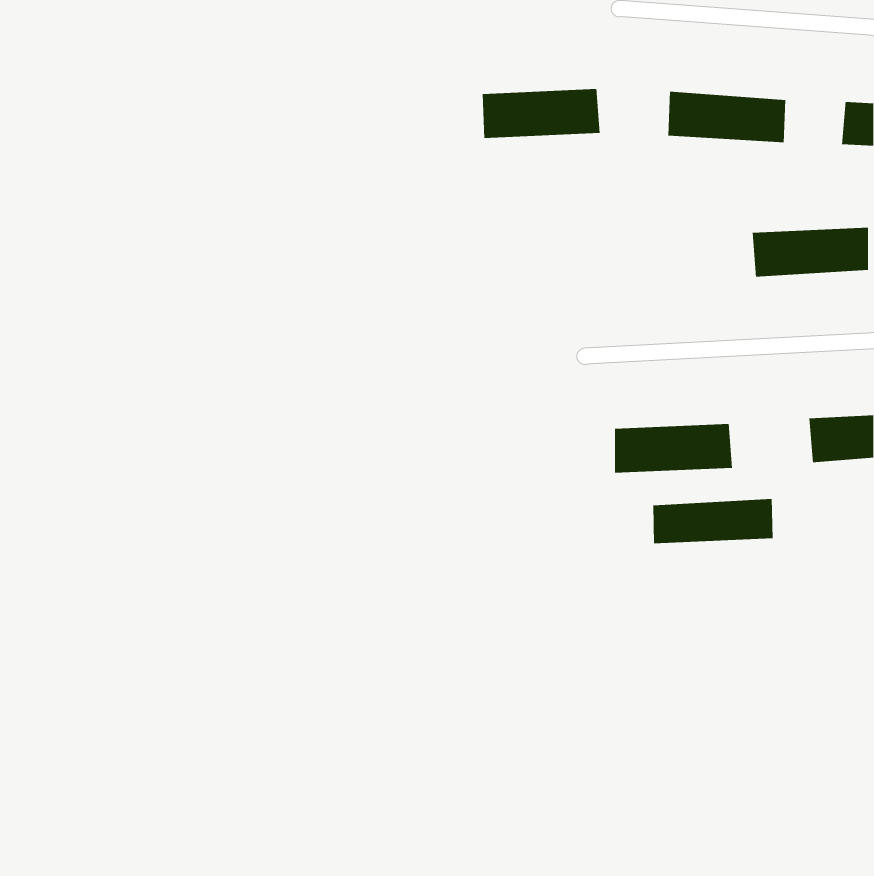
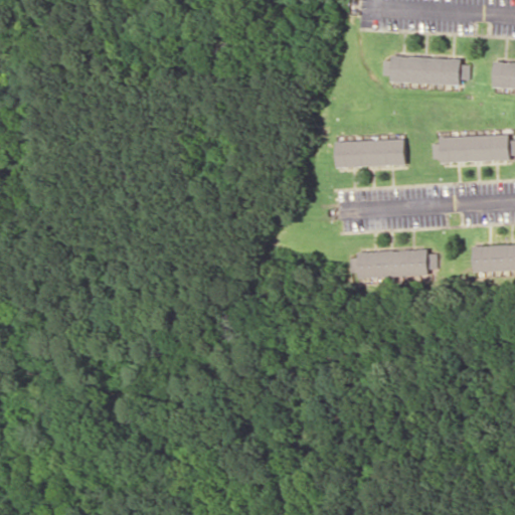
building: [482,89,601,138] -> [335,139,404,168]
building: [653,498,773,544] -> none

